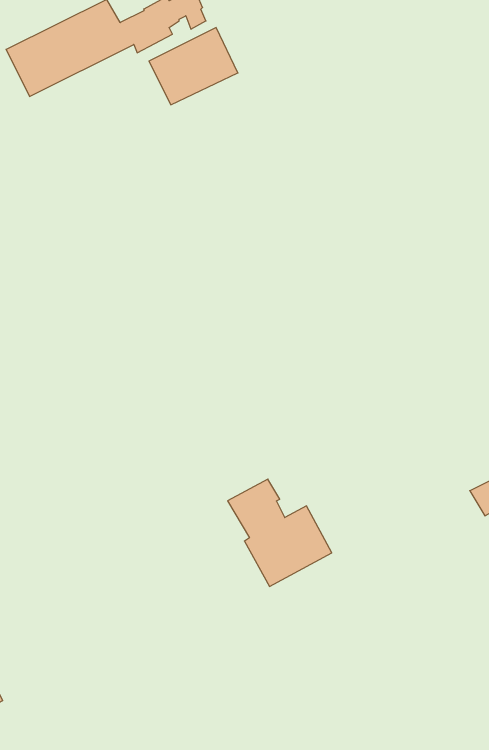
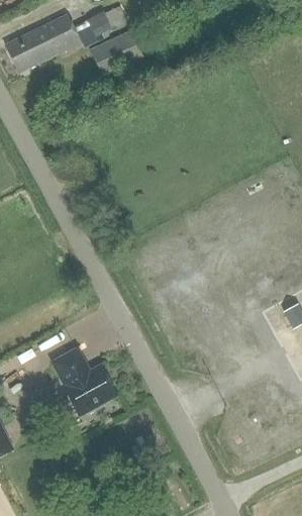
building: [228,479,332,586] -> [52,350,114,415]

